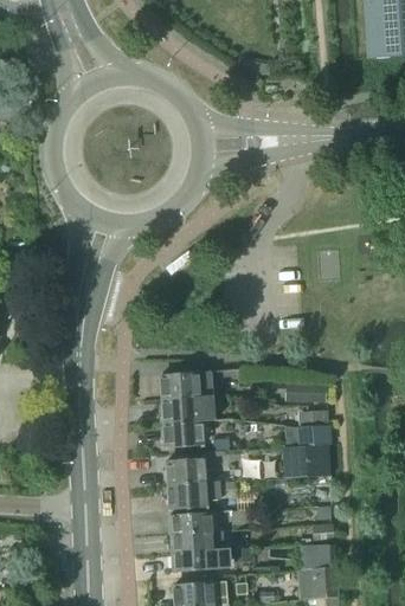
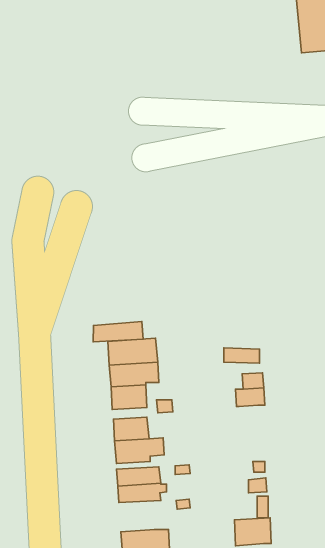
building: none -> [93,322,143,342]
building: [289,446,330,477] -> none
building: [171,548,229,572] -> none

